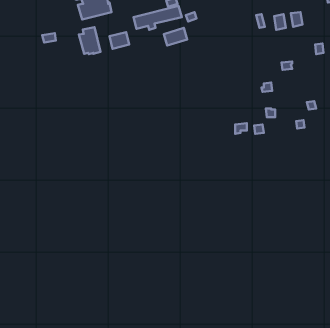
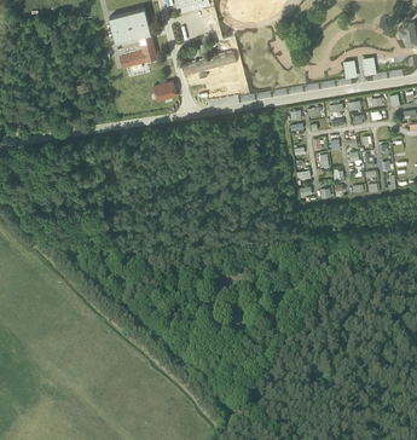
building: [79,27,101,54] -> none

